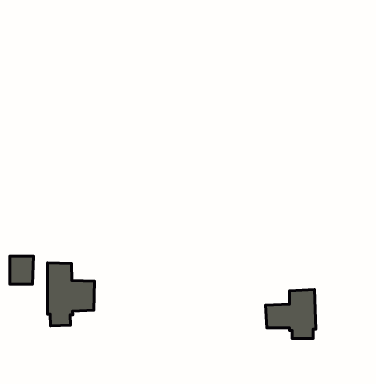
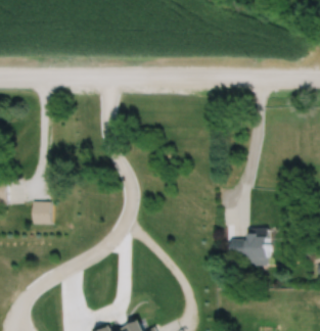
building: [48,263,94,326] -> none

